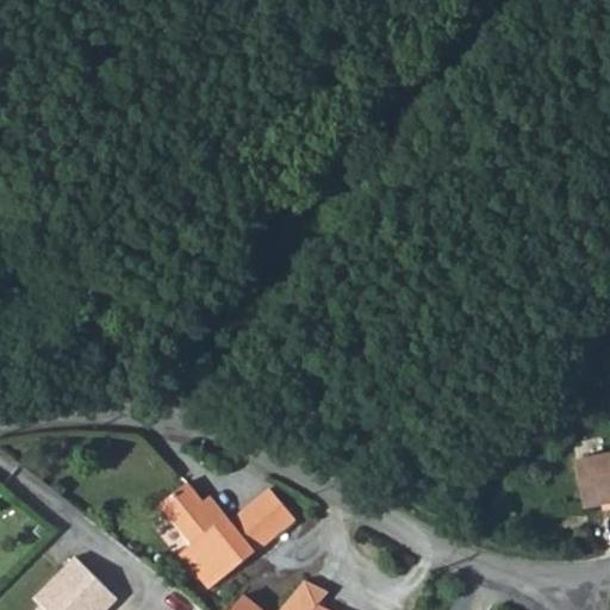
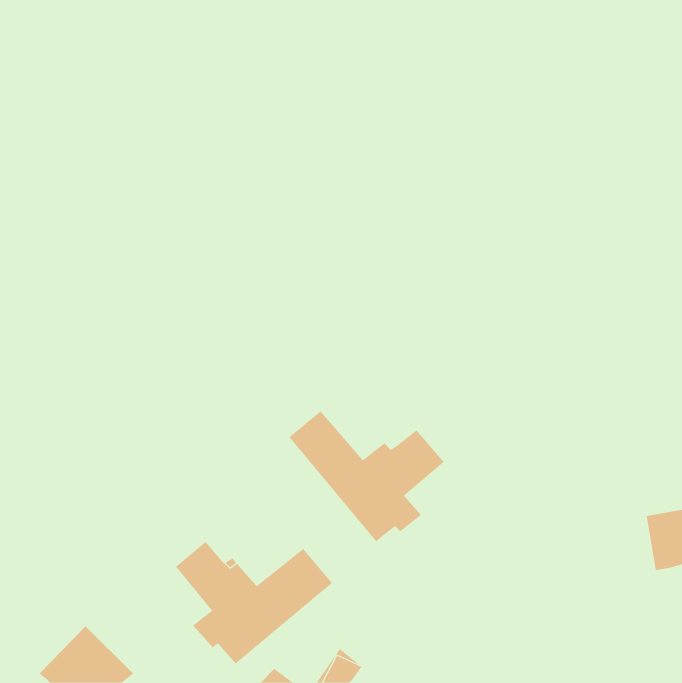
building: none -> [288,411,444,542]

